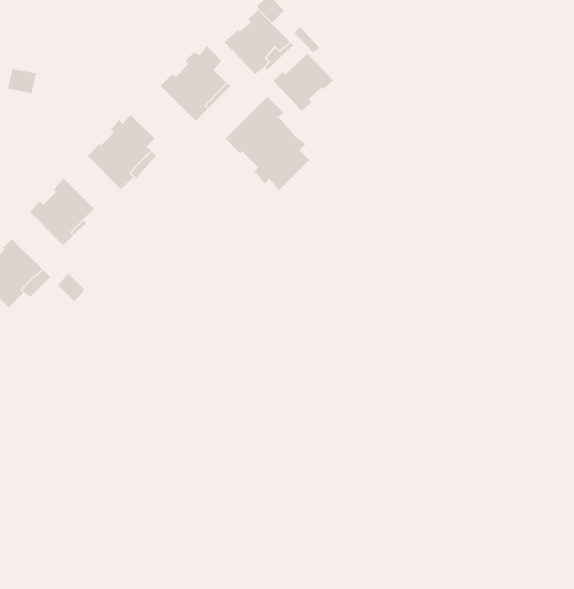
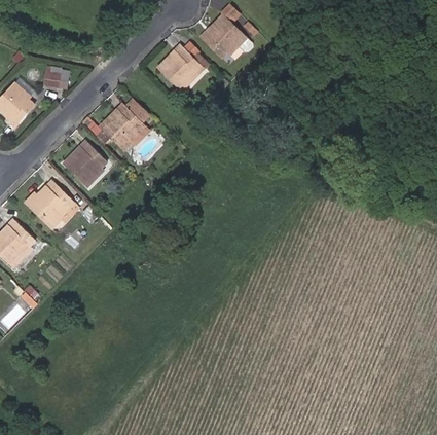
building: [273,53,334,112] -> none
building: [225,96,310,191] -> none

